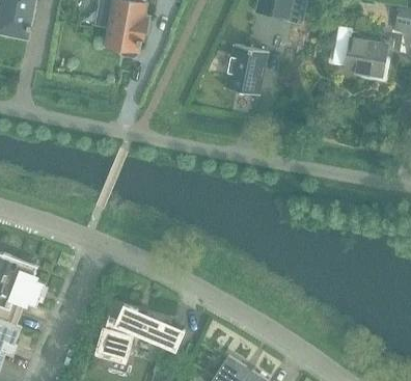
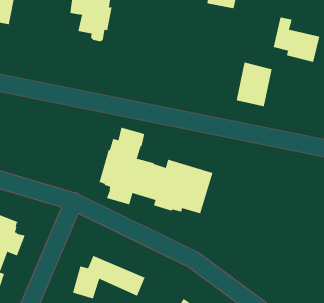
building: [224,42,267,93] -> [236,62,272,107]
building: none -> [98,127,213,214]

